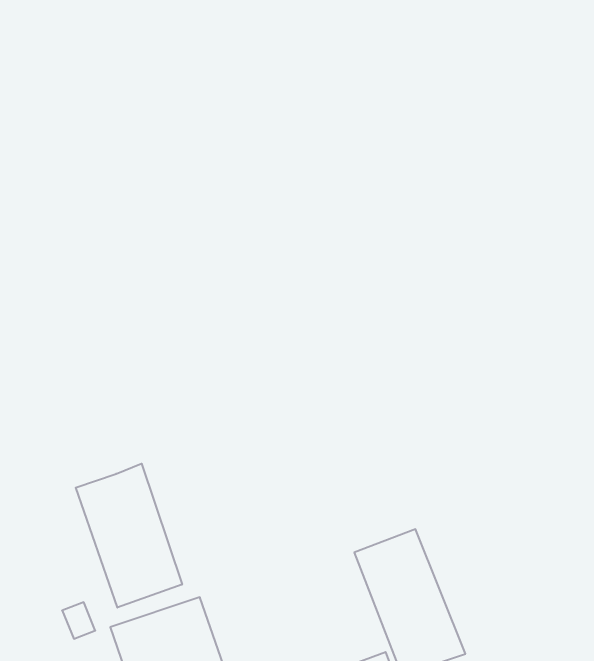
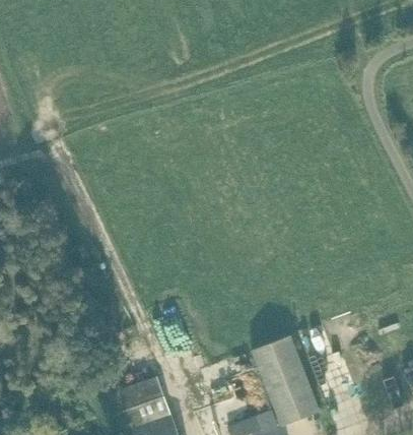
building: [76,464,182,608] -> none

